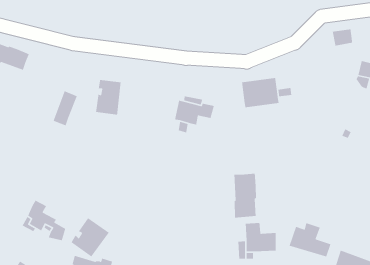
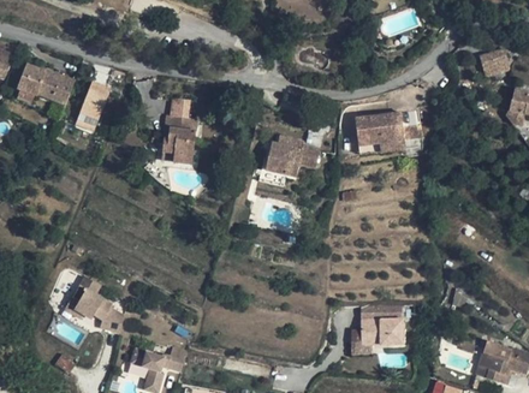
building: [52,90,78,127] -> [76,82,109,130]
building: [233,173,257,219] -> none
building: [70,217,110,257] -> none
building: [288,222,331,258] -> none

